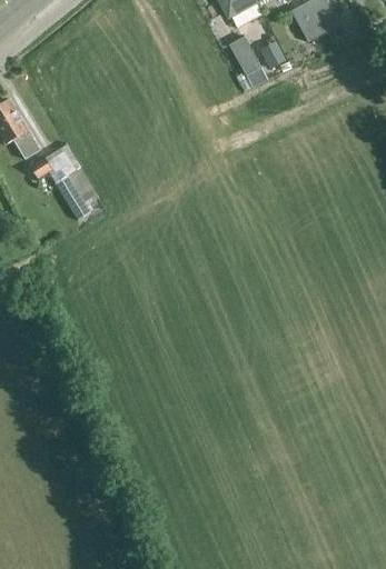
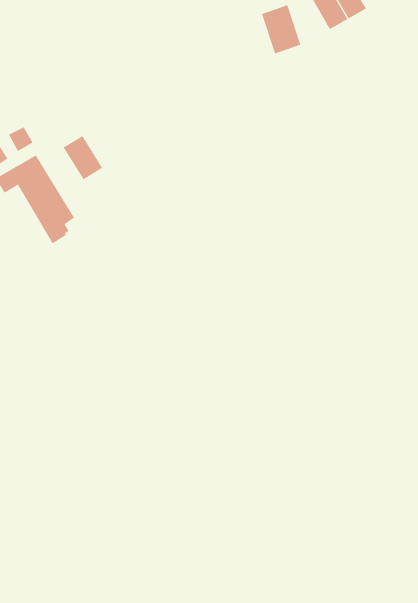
building: [228,36,260,76] -> none
building: none -> [63,135,103,180]

